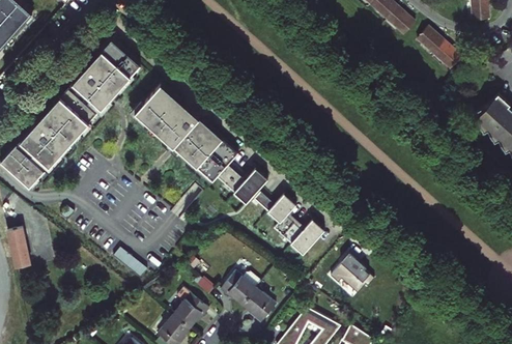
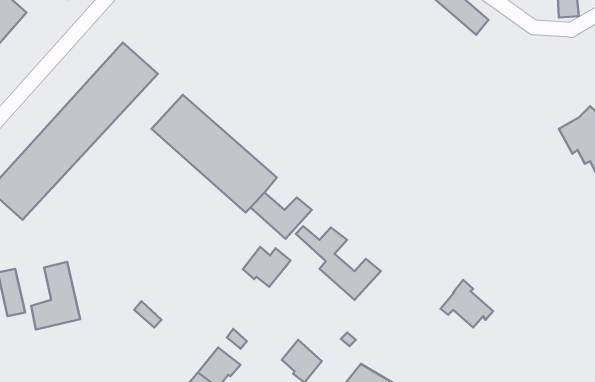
building: [416,26,460,67] -> none
building: none -> [31,262,80,330]
building: [331,251,374,290] -> [440,280,493,327]
building: [221,270,260,304] -> [243,247,290,287]

